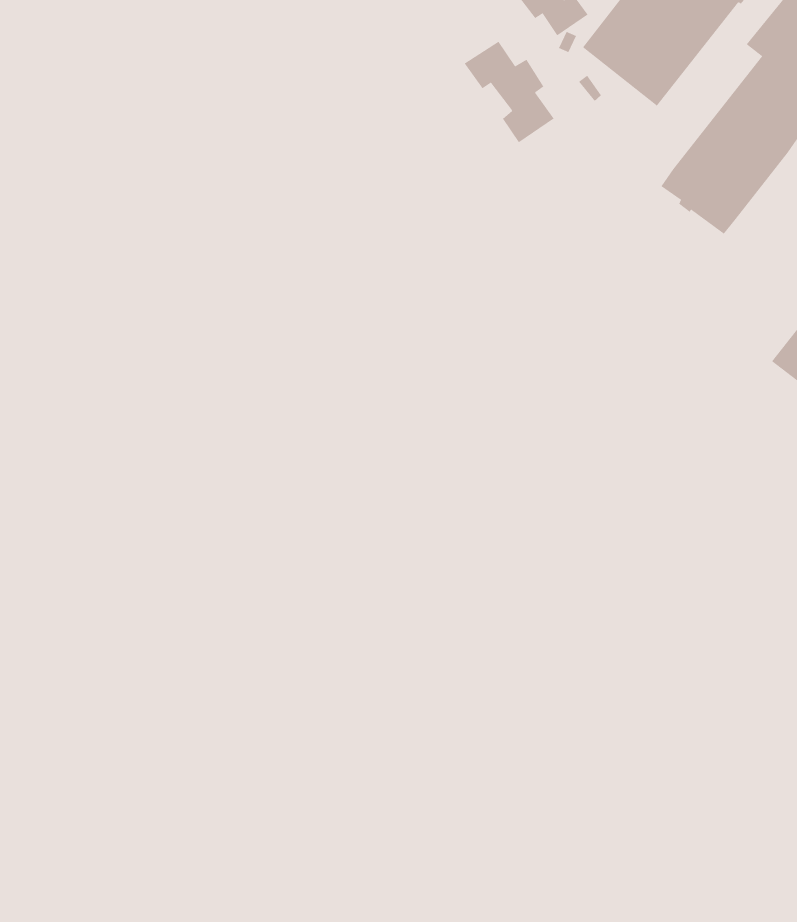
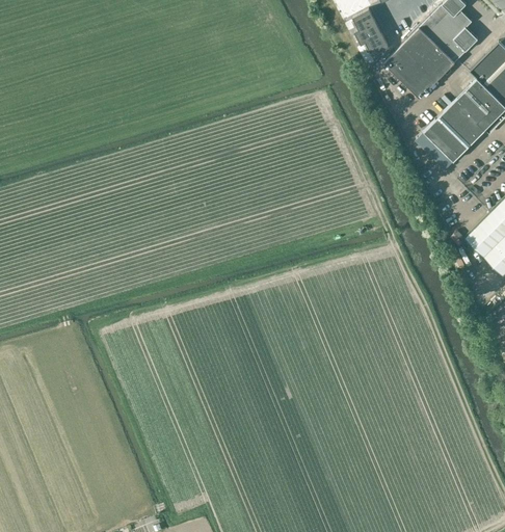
building: [464,41,555,143] -> none

